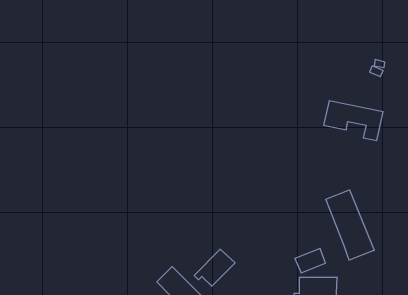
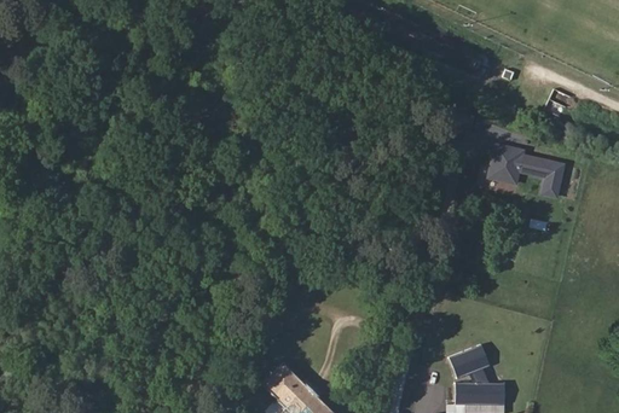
building: [326,190,374,260] -> none
building: [194,249,235,286] -> none

